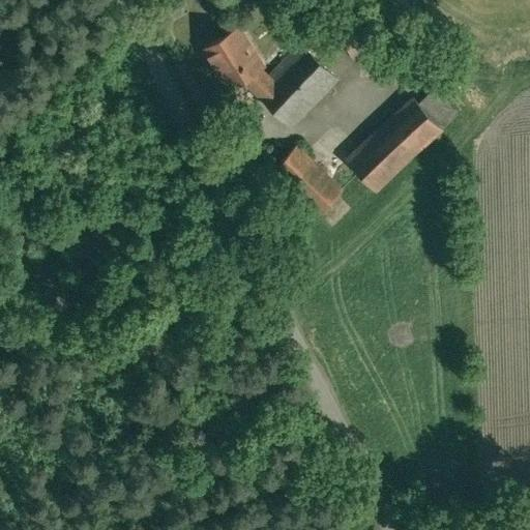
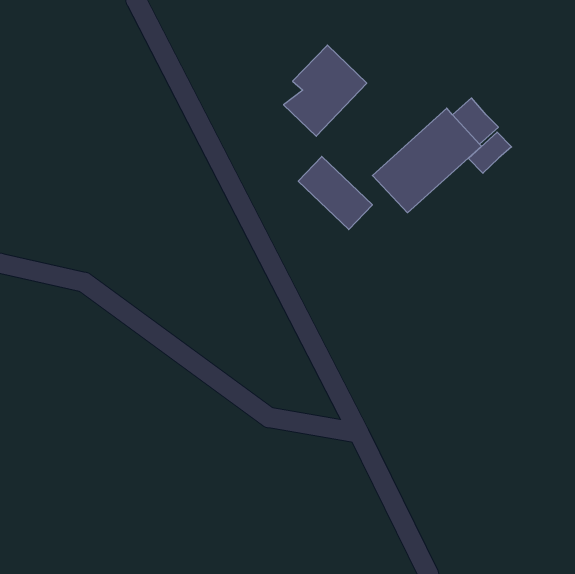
building: [204,26,278,97] -> none
building: none -> [468,132,512,173]

